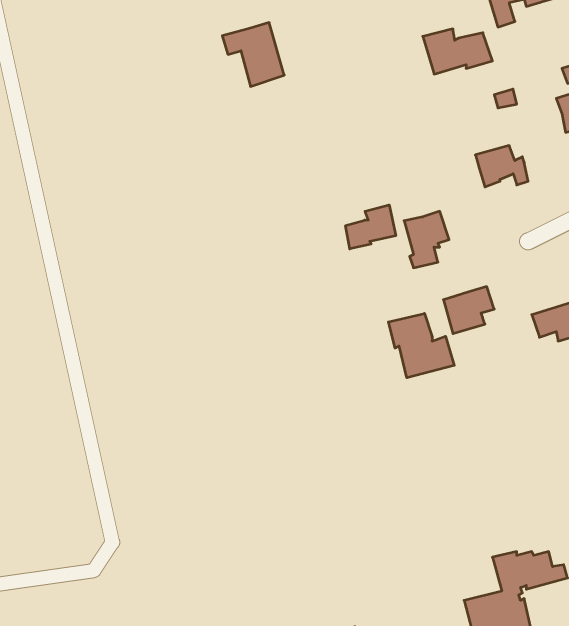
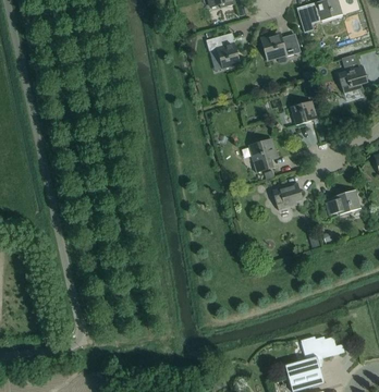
building: [222,23,284,86] -> [205,33,241,70]
building: [346,205,396,249] -> none
building: [388,313,454,378] -> none

